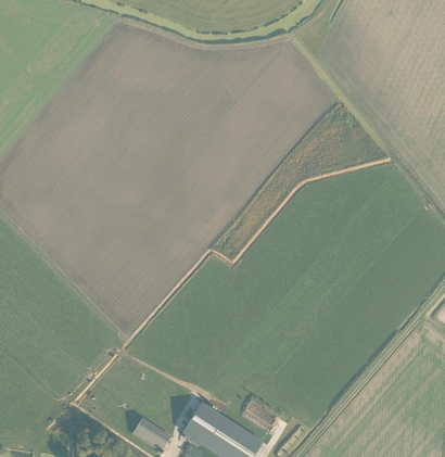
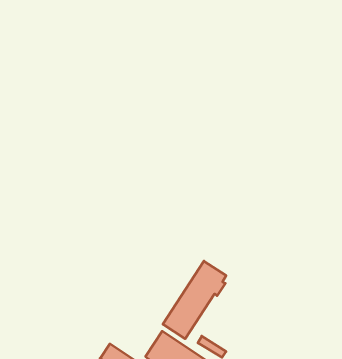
building: none -> [163,261,226,339]

